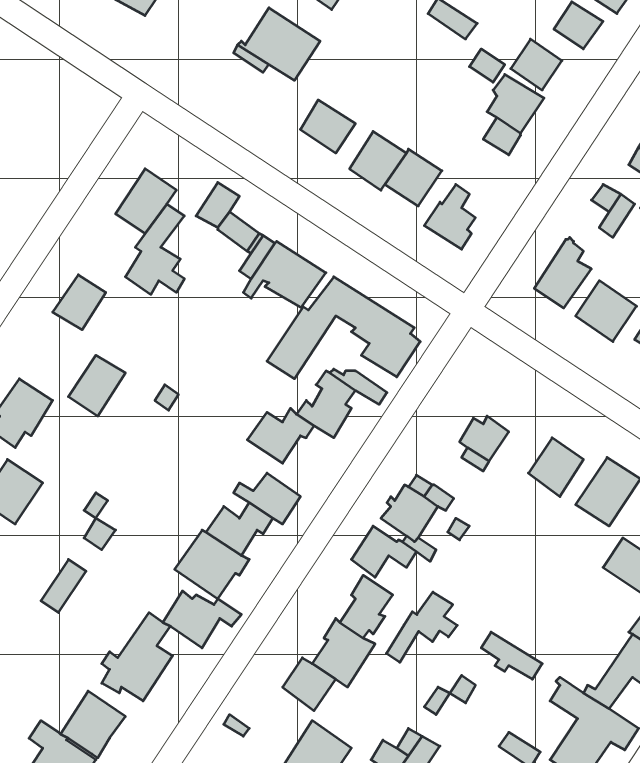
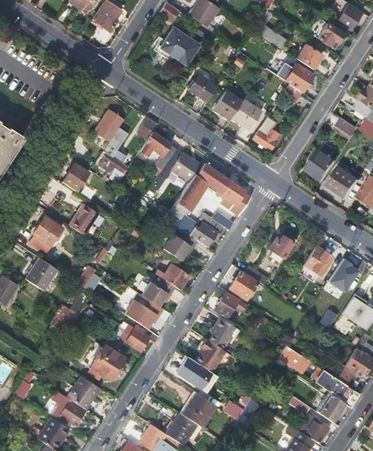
building: [386,592,457,662] -> none

